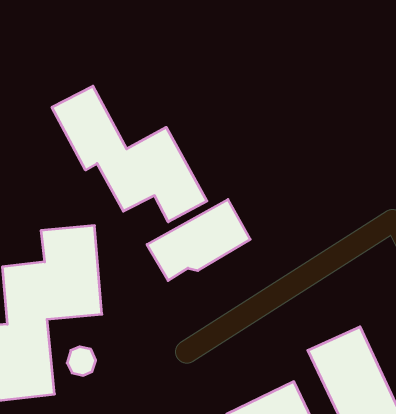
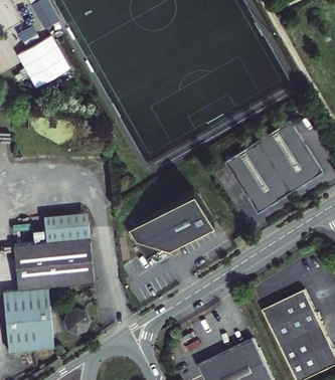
building: none -> [18,35,70,88]
building: [52,86,207,222] -> none
building: none -> [223,123,322,215]

